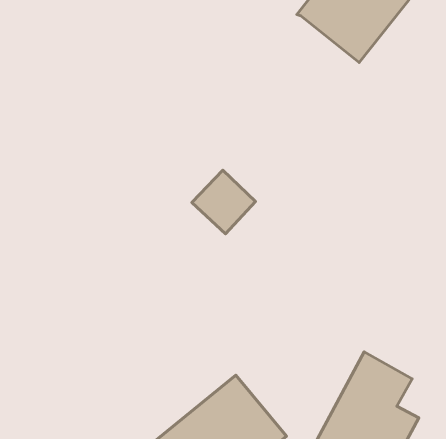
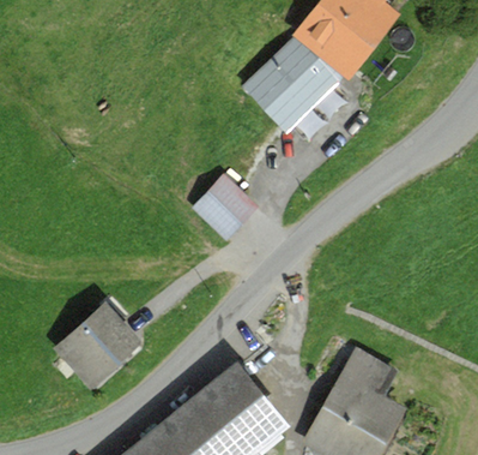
building: none -> [241,35,340,133]
building: none -> [59,307,137,383]

